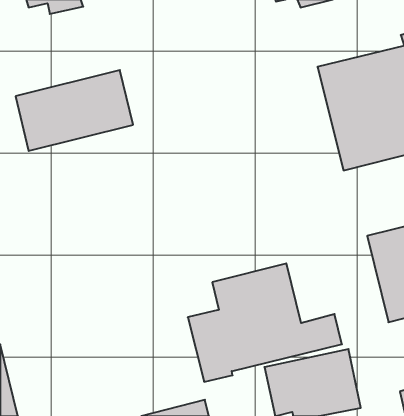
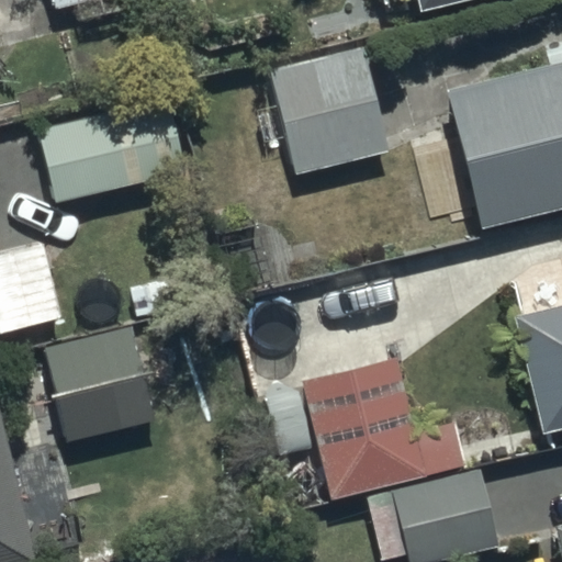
building: none -> [263,49,389,171]
building: none -> [44,321,170,453]

